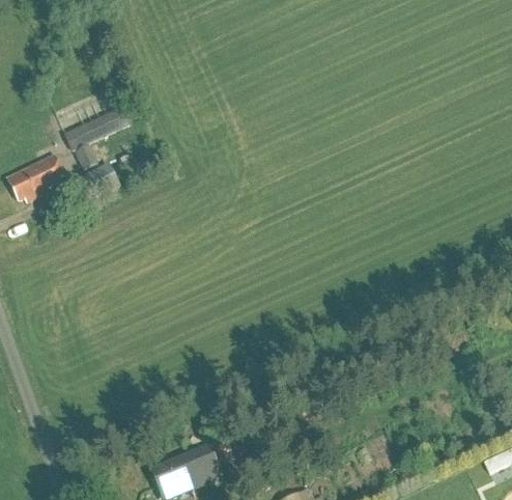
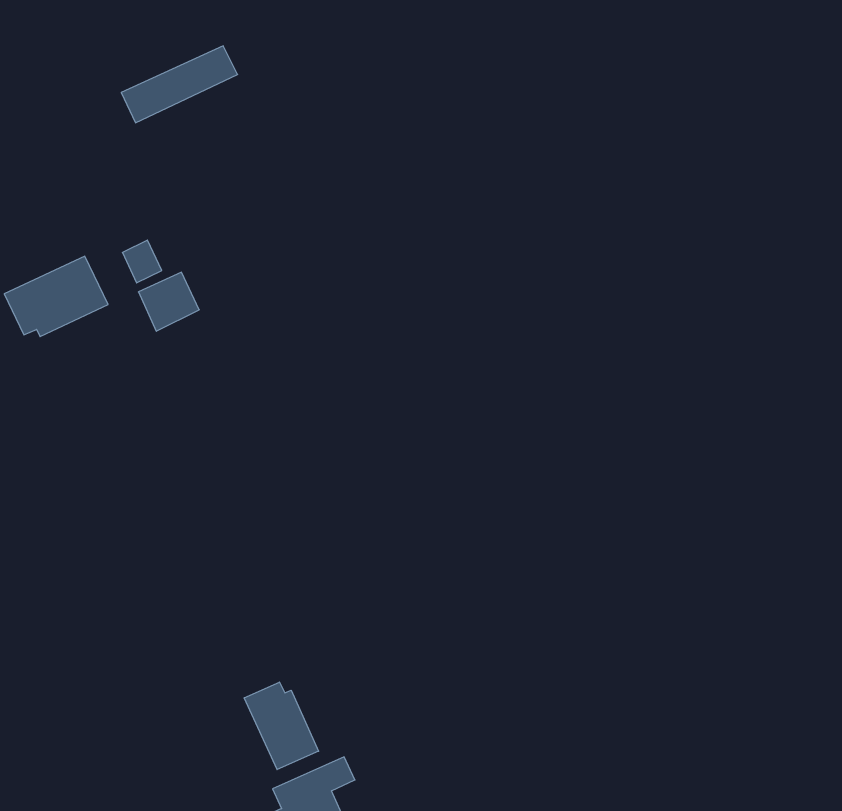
building: [64,106,132,150] -> [121,46,238,123]
building: none -> [244,682,319,770]

